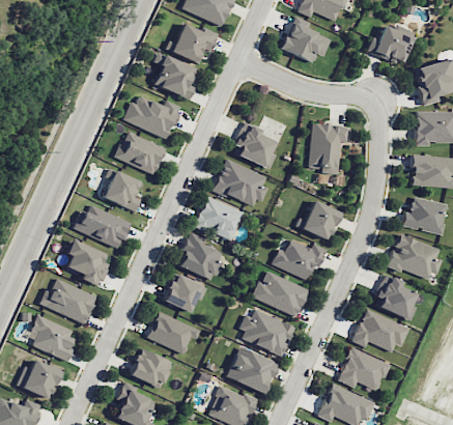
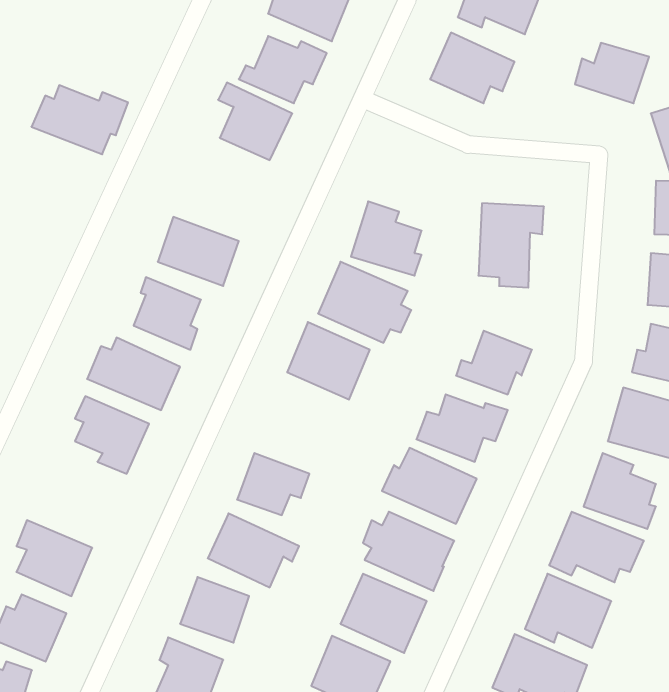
building: [122,95,180,137] -> [31,85,128,154]
building: [176,232,222,281] -> none
building: [39,278,96,323] -> none

